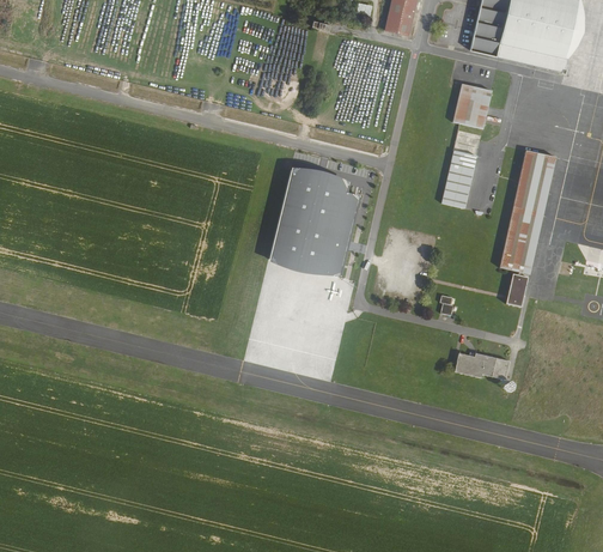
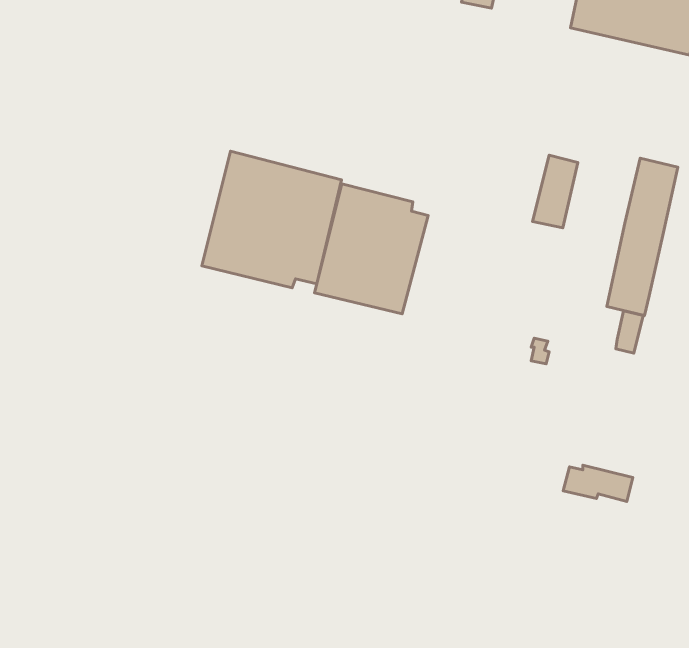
building: [453,81,493,127] -> none
building: none -> [202,151,341,288]
building: [455,350,510,378] -> [563,465,633,502]

